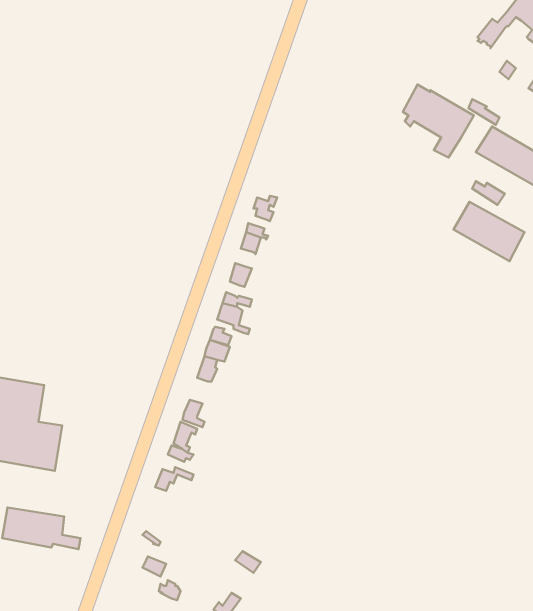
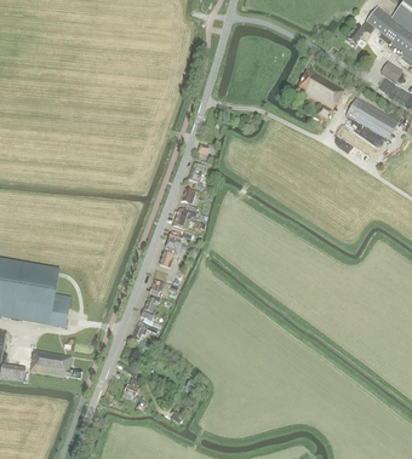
building: [454,202,524,261] -> none

